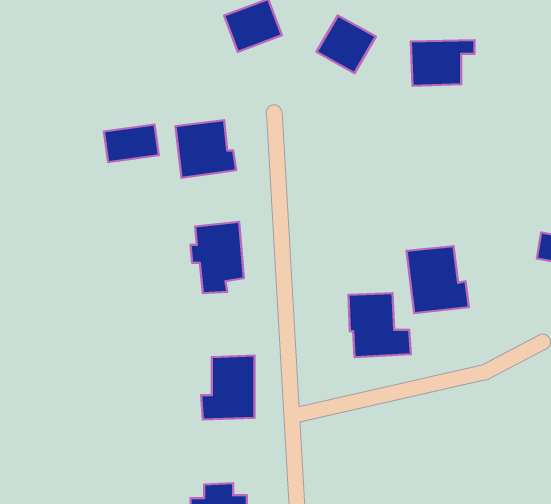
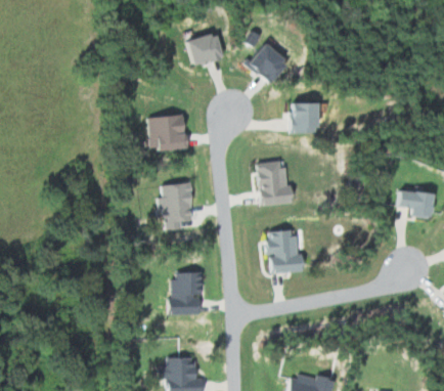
building: [411,40,475,86] -> [288,102,331,133]
building: [104,124,159,162] -> none
building: [406,246,469,313] -> [256,161,298,206]

